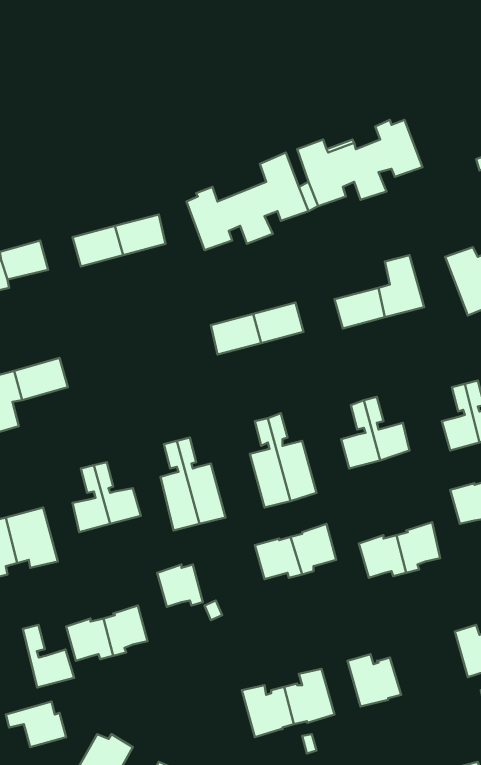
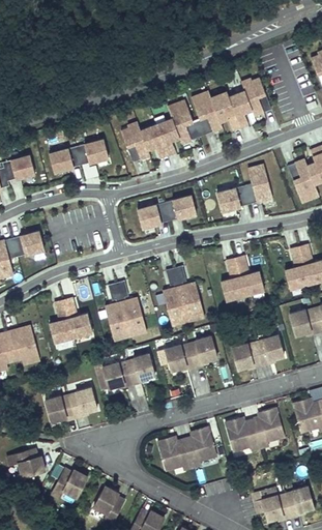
building: none -> [125,353,154,385]
building: [23,625,74,688] -> none
building: none -> [251,408,283,444]

